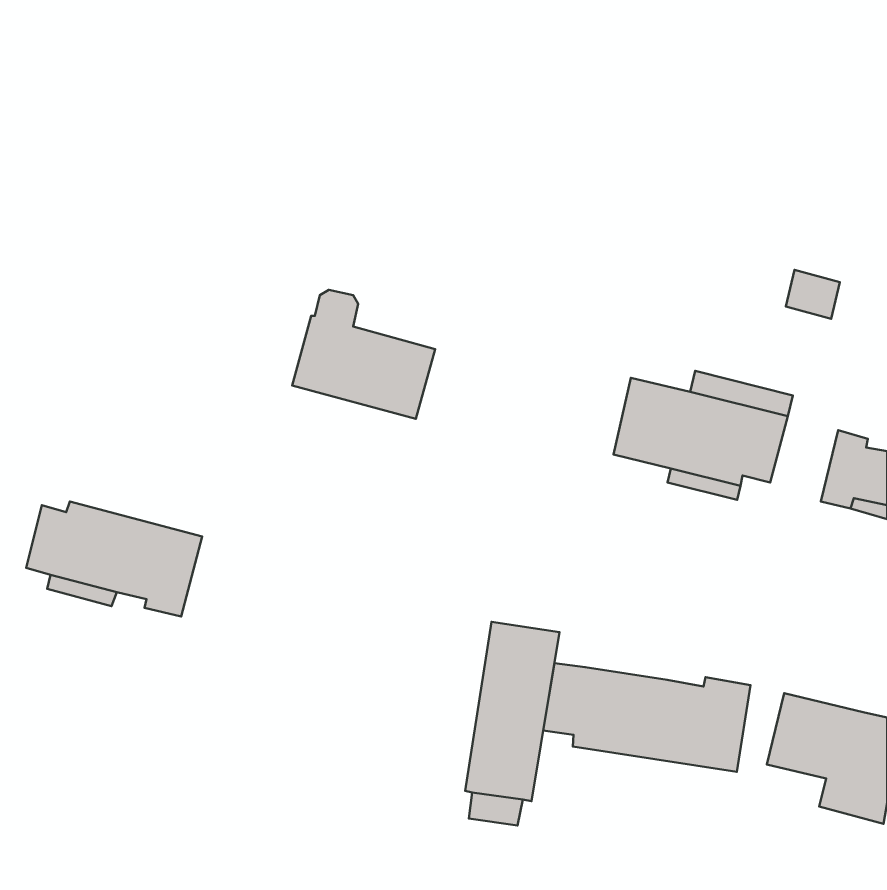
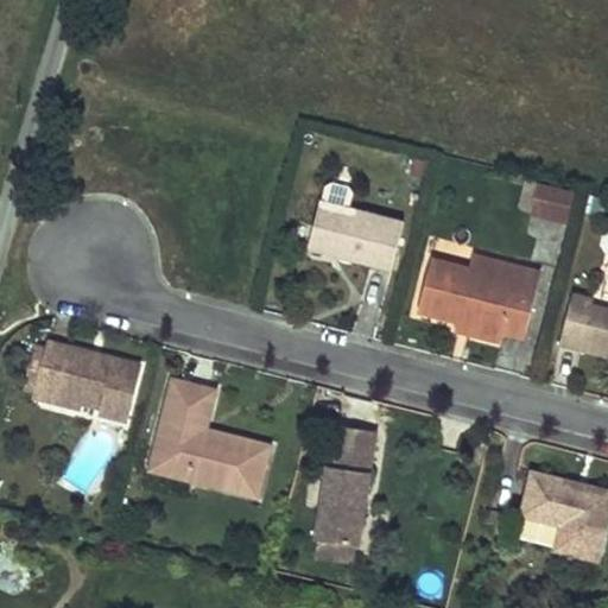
building: [292,290,435,419] -> [306,180,404,268]
building: none -> [150,378,270,498]
building: [543,663,751,772] -> none

